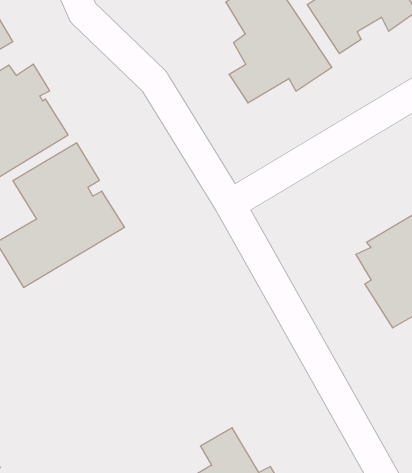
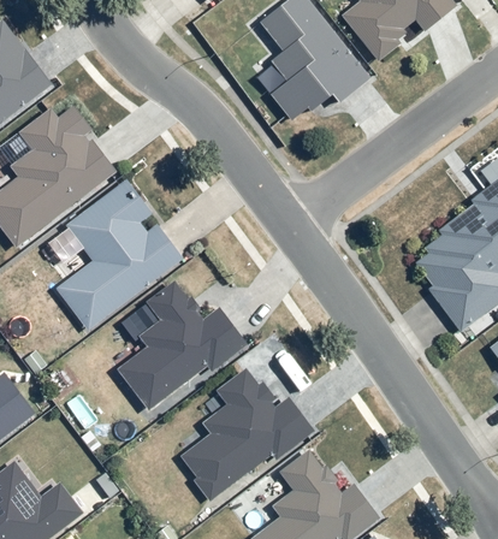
building: none -> [118,282,245,410]
building: none -> [179,367,314,499]

